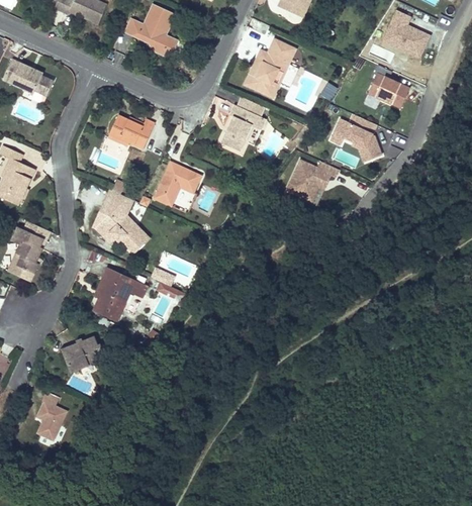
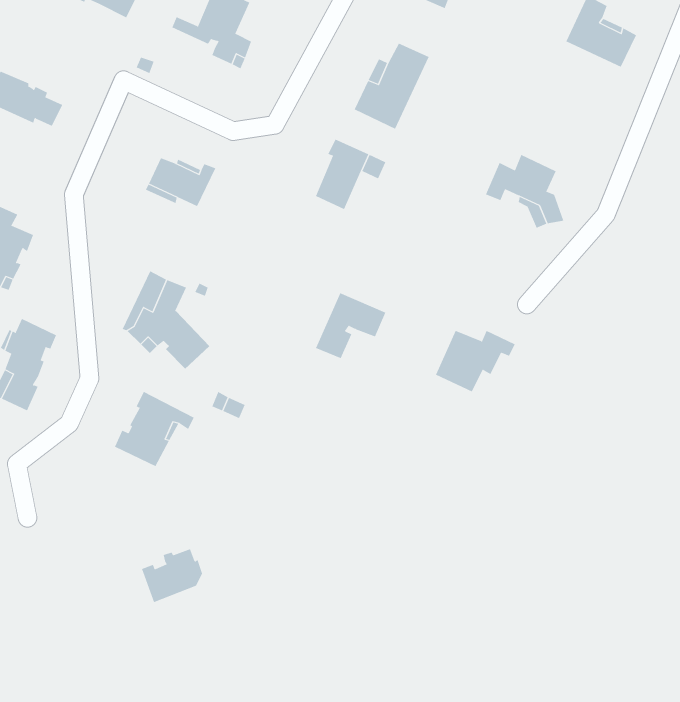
building: [368,66,409,108] -> none
building: [287,161,340,201] -> [435,330,516,392]
building: [155,163,201,206] -> [315,292,386,359]
building: [62,336,102,372] -> [141,549,203,603]
building: [36,395,66,440] -> none

